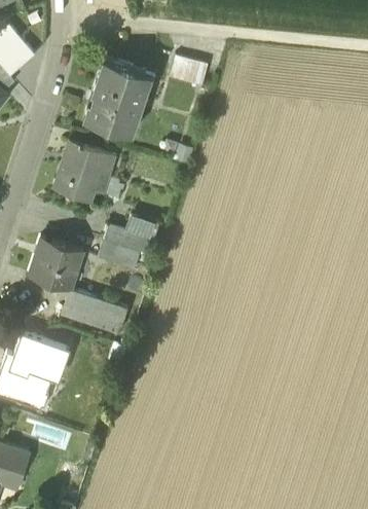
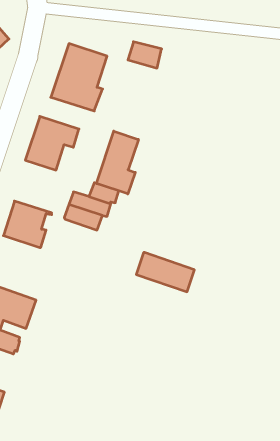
building: none -> [97,131,138,194]
building: [62,289,127,333] -> [136,253,194,292]

